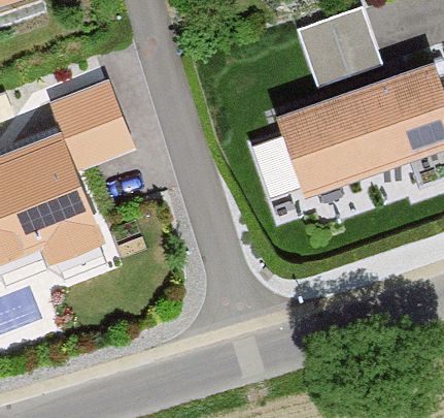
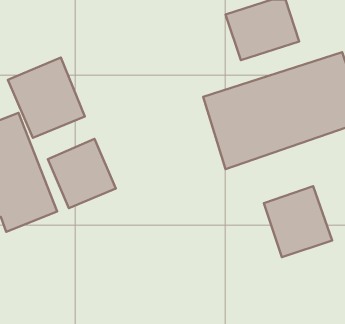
building: none -> [48,139,116,208]
building: none -> [264,186,332,257]

